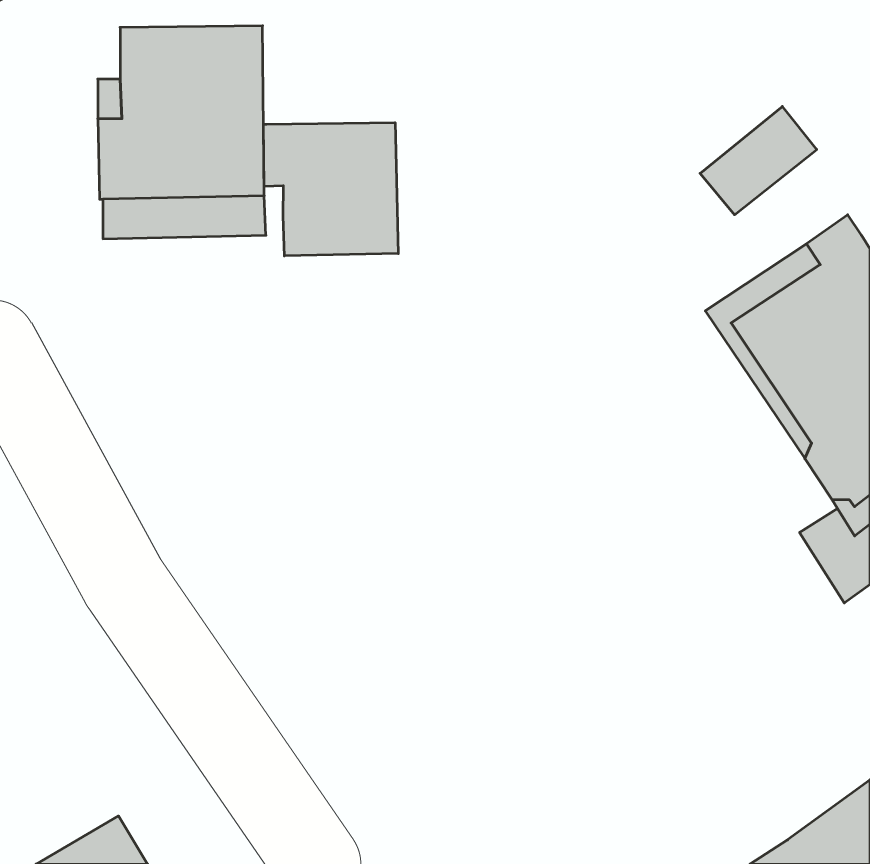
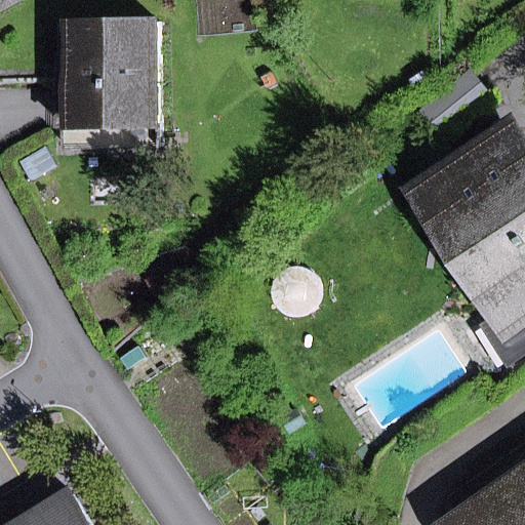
building: [264,123,398,256] -> none

